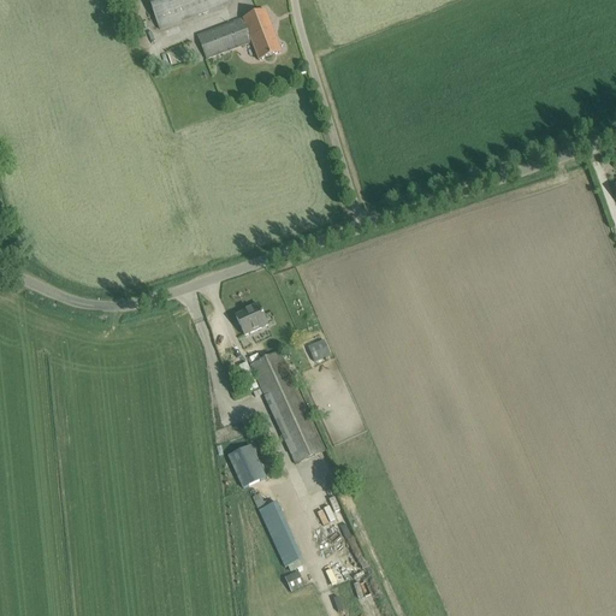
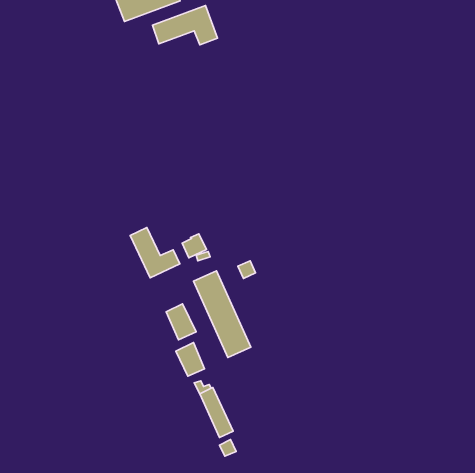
building: none -> [130,227,180,278]
building: none -> [166,304,196,340]

